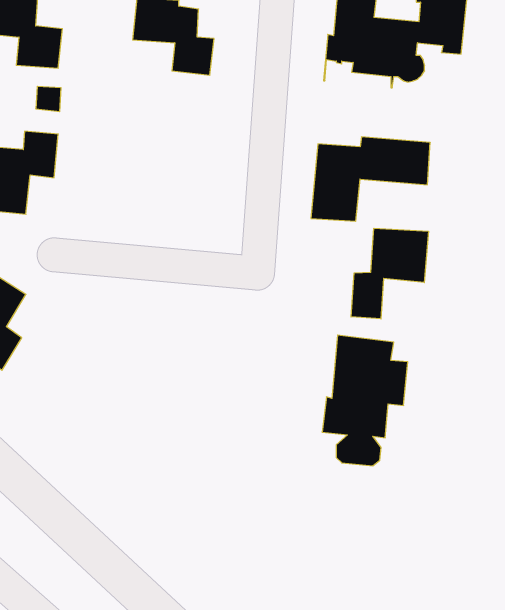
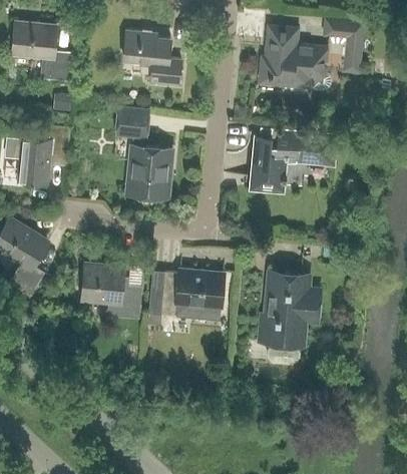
building: none -> [117,108,172,197]
building: [351,228,428,319] -> none
building: none -> [82,263,142,319]
building: none -> [148,270,224,316]

